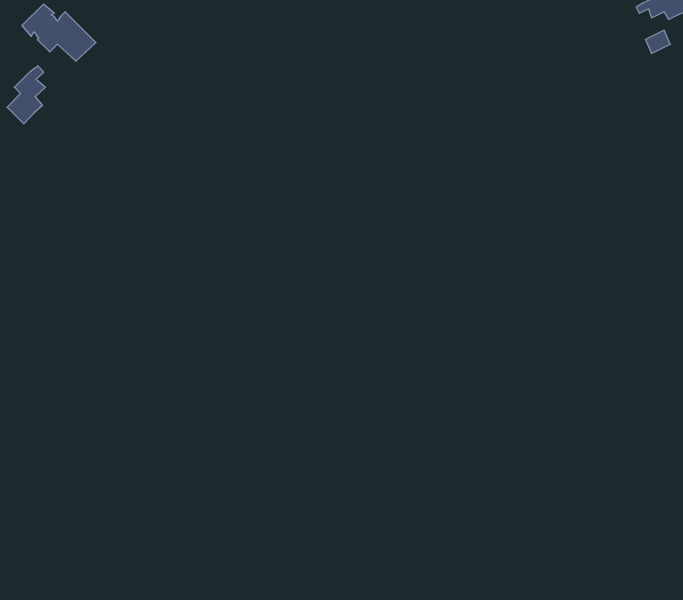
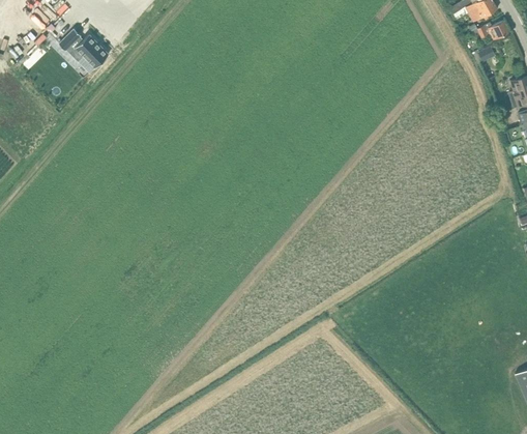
building: [7,66,45,124] -> none

